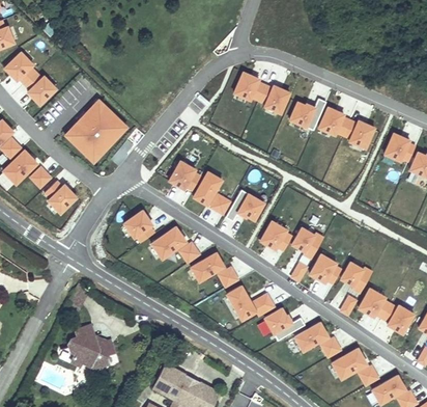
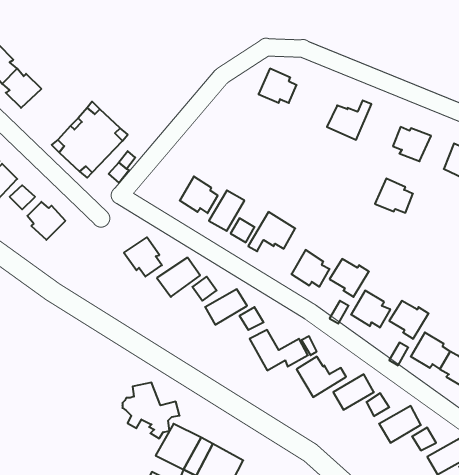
building: [258,85,289,113] -> none
building: [318,107,349,135] -> [375,178,413,213]
building: [64,326,111,372] -> [122,383,180,438]

